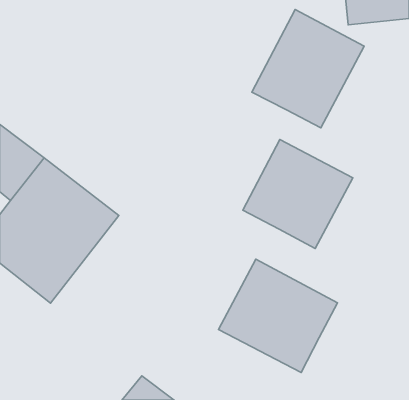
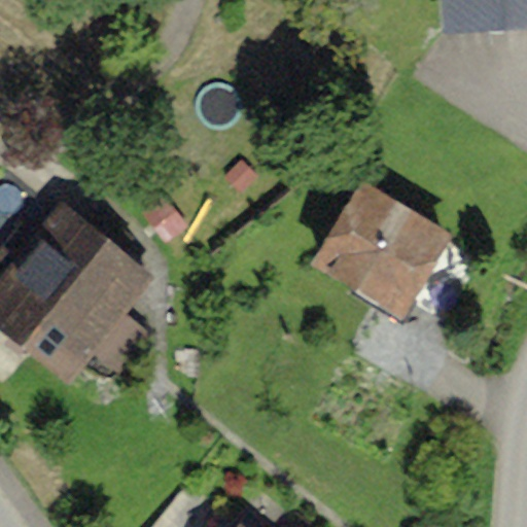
building: [252,10,364,128] -> none
building: [219,259,337,373] -> none

